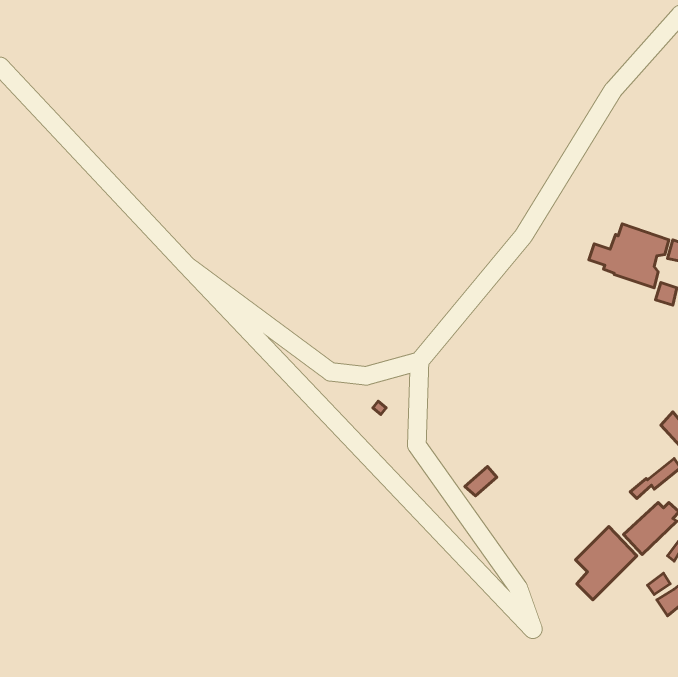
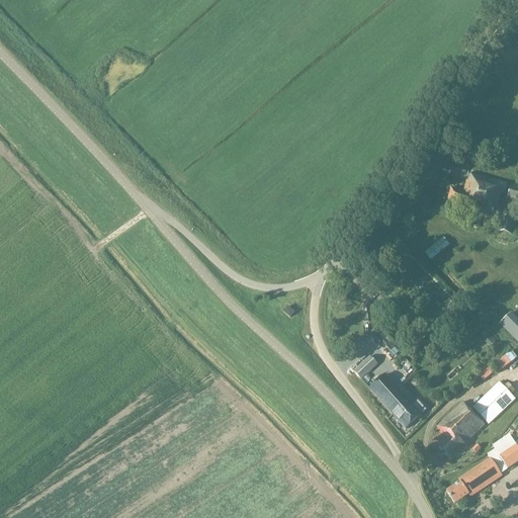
building: none -> [371,372,424,427]
building: none -> [448,456,504,502]

